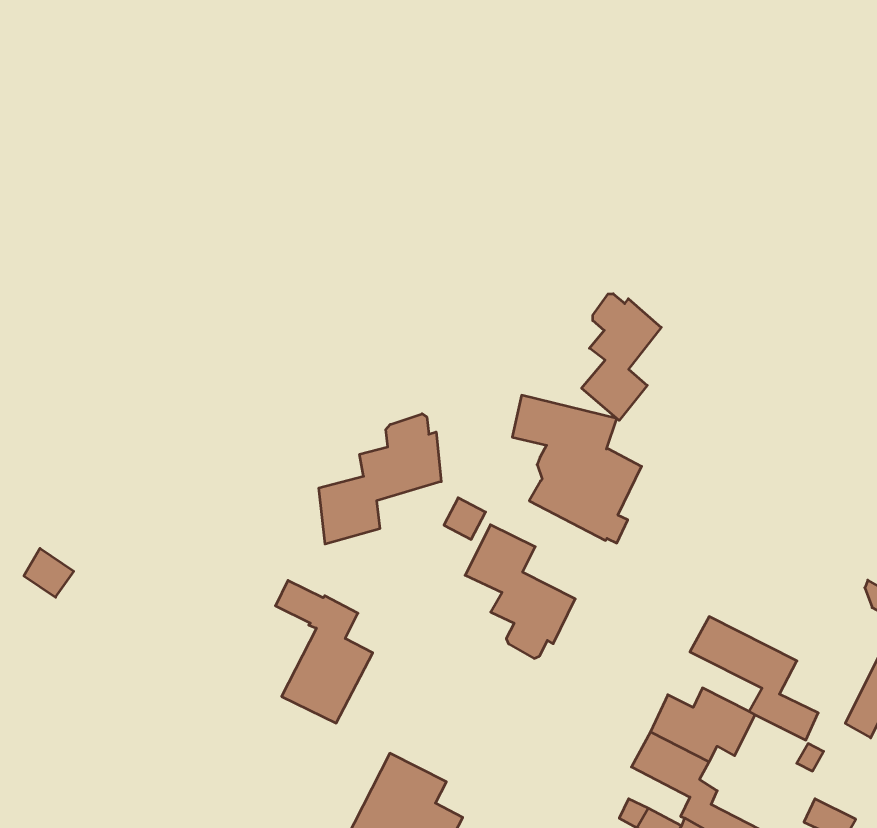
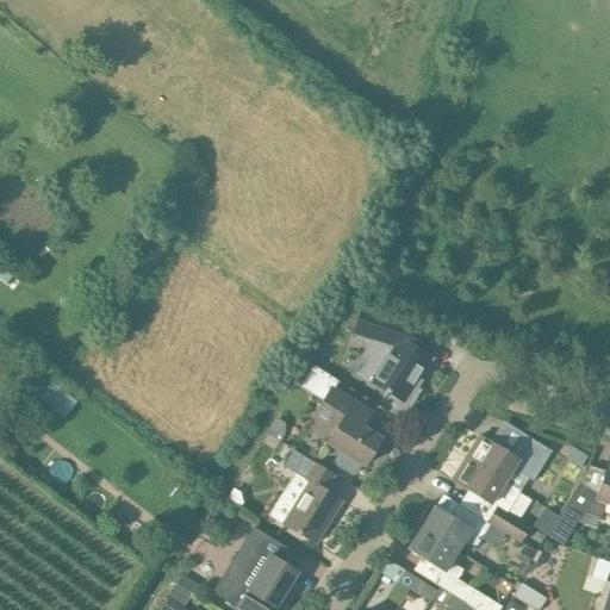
building: [582,294,661,420] -> none
building: [319,414,441,544] -> none
building: none -> [466,434,552,492]
building: [275,580,373,723] -> [281,450,342,544]

